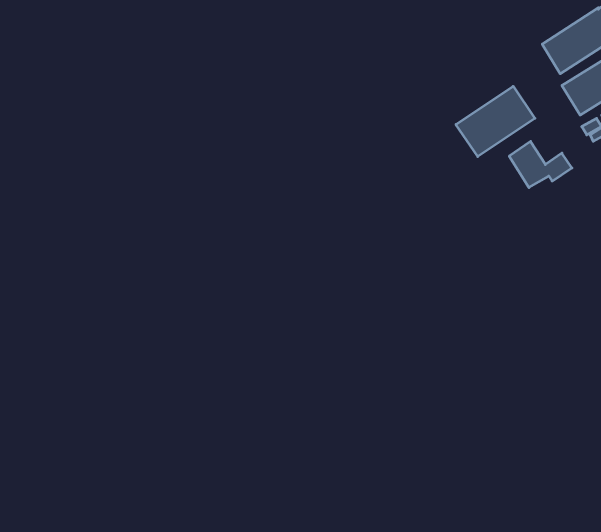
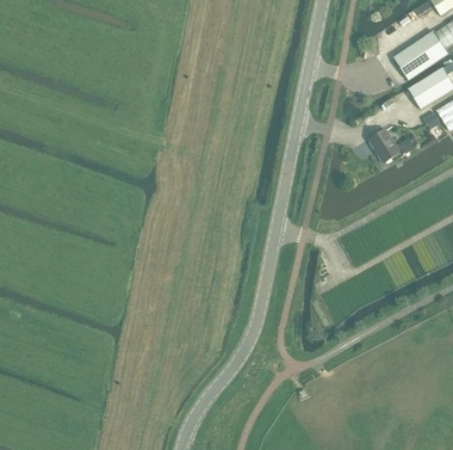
building: [456,86,535,157] -> none

